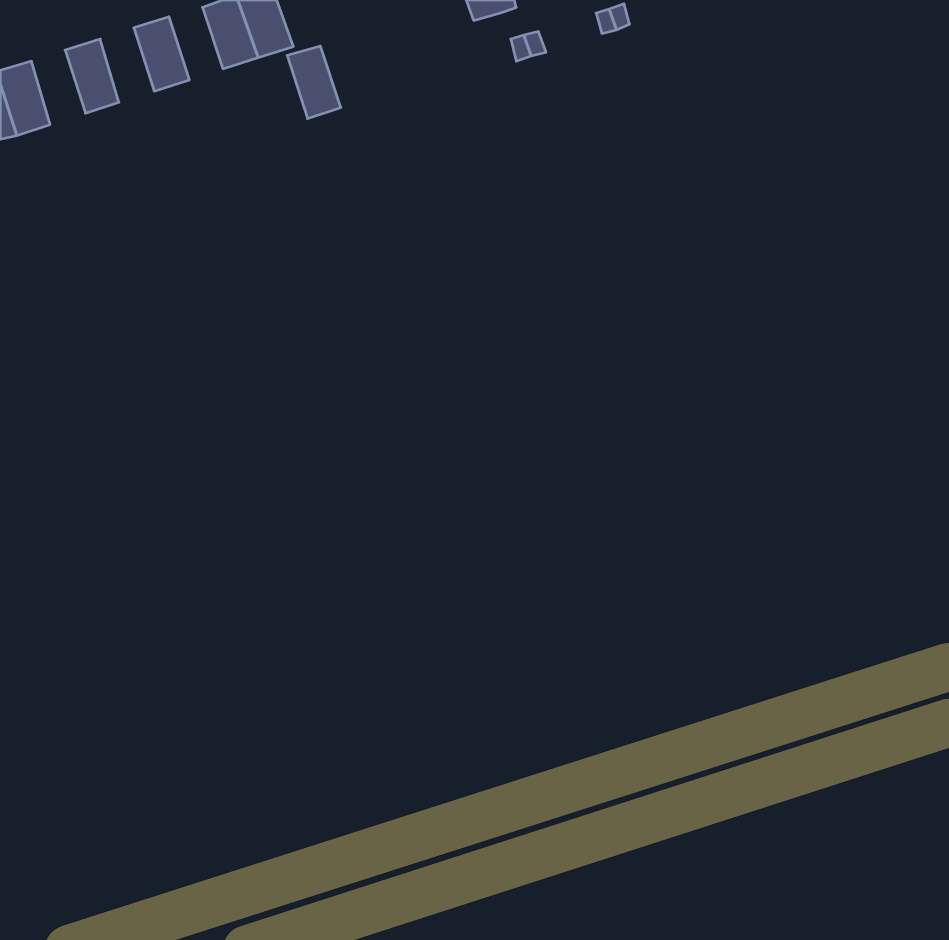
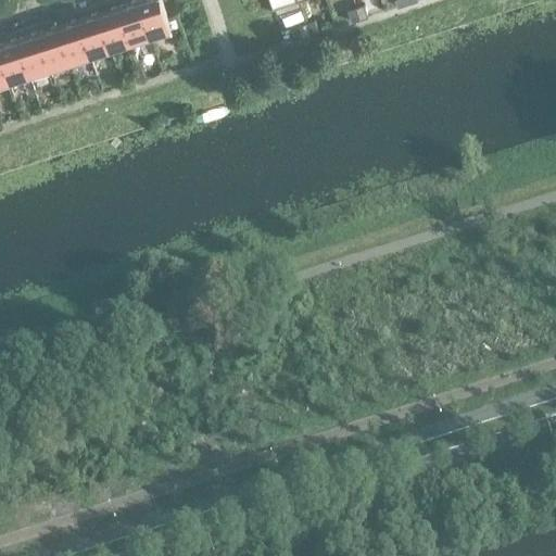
building: none -> [59,22,90,65]
building: [287,46,341,119] -> [99,10,130,52]
building: none -> [18,35,50,78]

